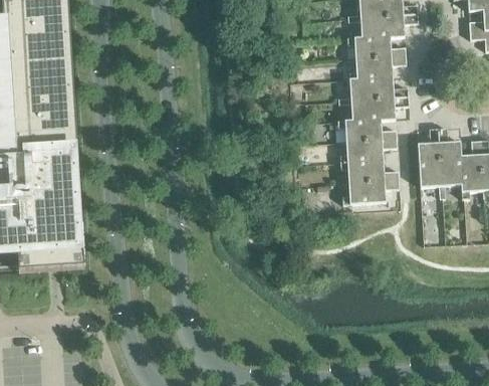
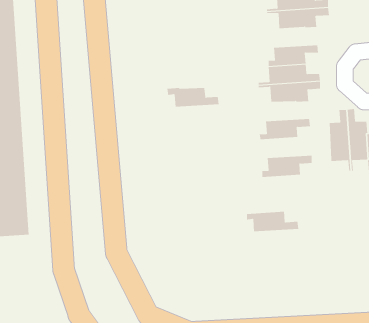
building: [345,34,405,57] -> none
building: [336,118,396,140] -> [167,87,220,107]
building: [339,158,399,181] -> [246,211,299,232]

